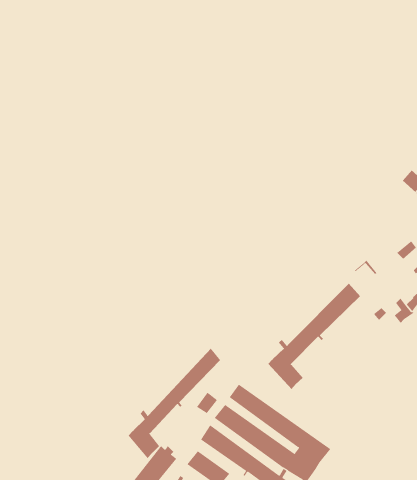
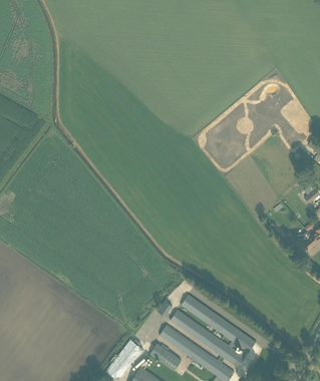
building: [267,283,361,390] -> none
building: [128,348,221,459] -> none

